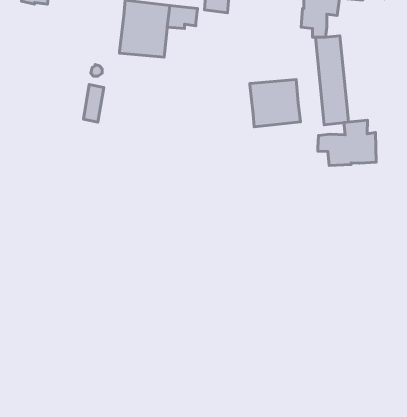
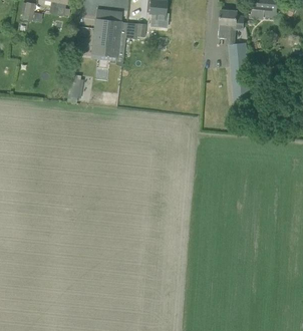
building: [250,79,300,127] -> none
building: [318,120,376,166] -> none

